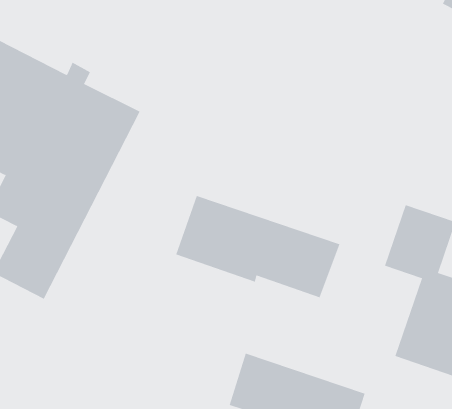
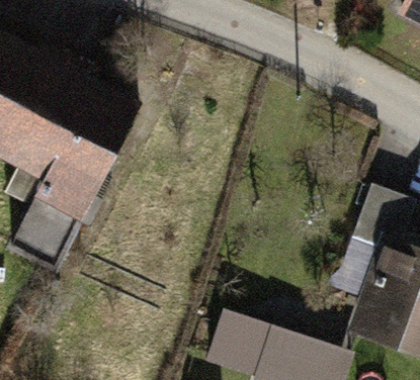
building: [176,195,340,298] -> none

